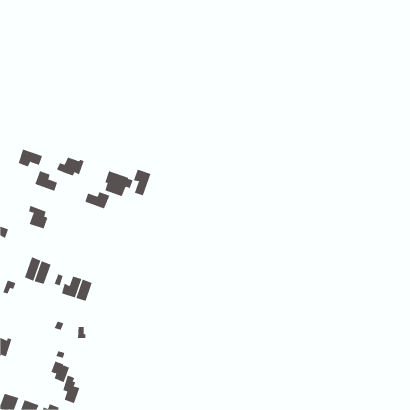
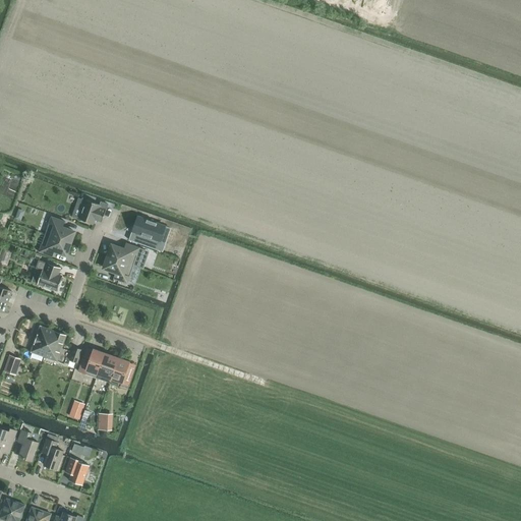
building: [18,149,43,167] -> [38,233,69,256]
building: [133,169,151,196] -> none
building: none -> [103,255,132,283]
building: none -> [109,358,130,389]
building: none -> [16,428,38,460]
building: [62,375,80,404] -> [41,432,63,469]

